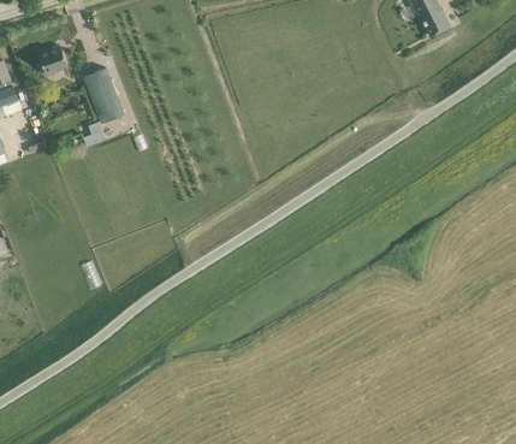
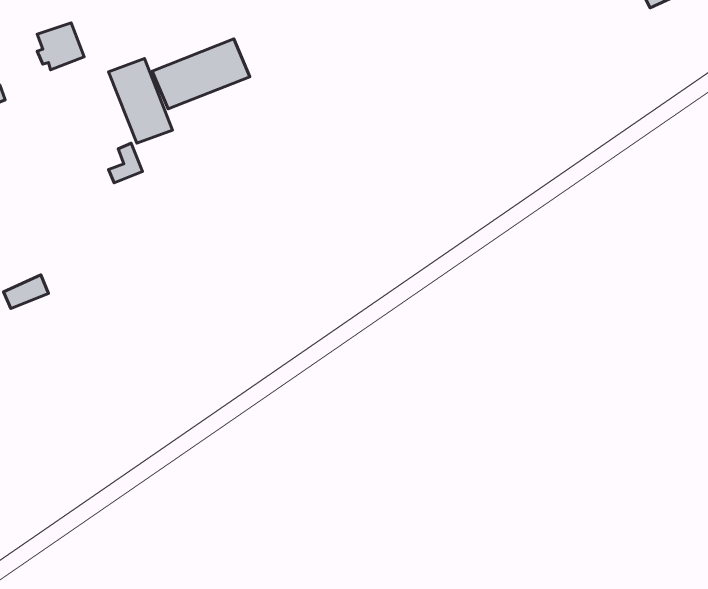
building: none -> [152,39,250,109]

